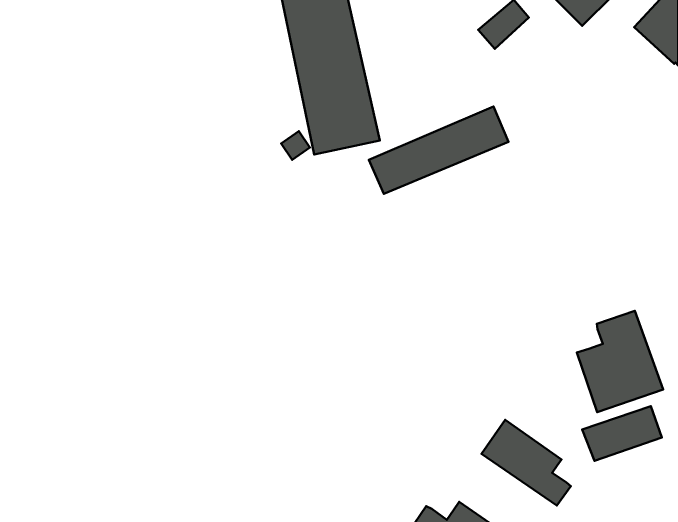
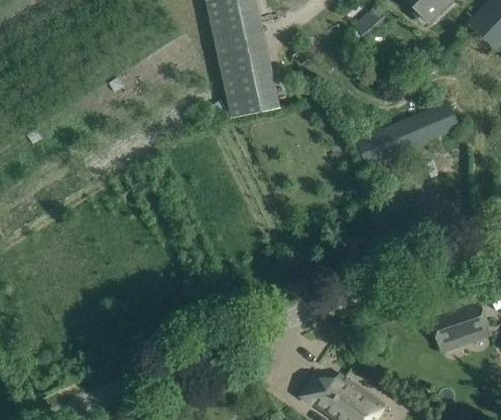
building: [369,106,509,194] -> [356,102,459,166]
building: [577,311,663,412] -> none
building: [482,420,571,505] -> none

